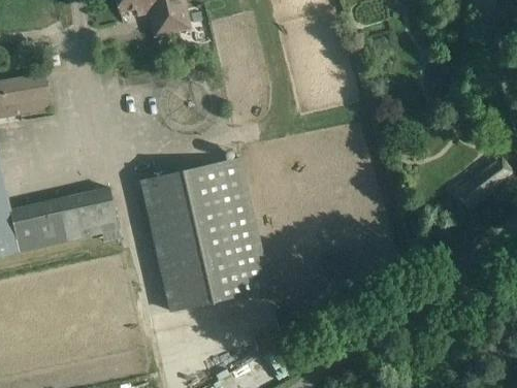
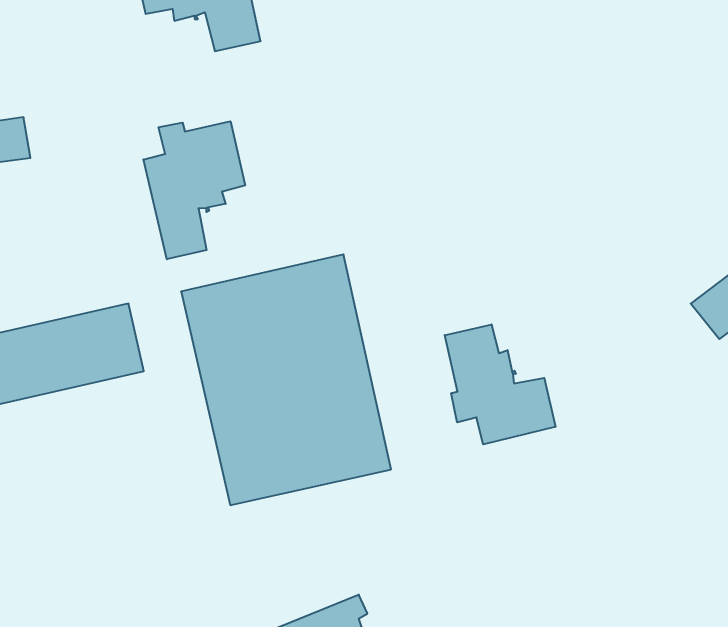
building: none -> [143,121,245,259]
building: none -> [445,324,555,444]

